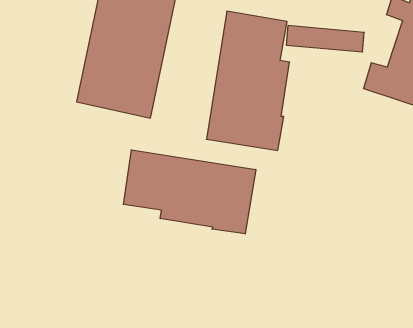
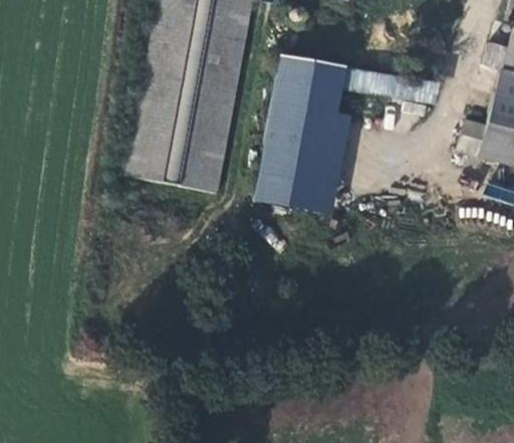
building: [123,150,256,234] -> none

